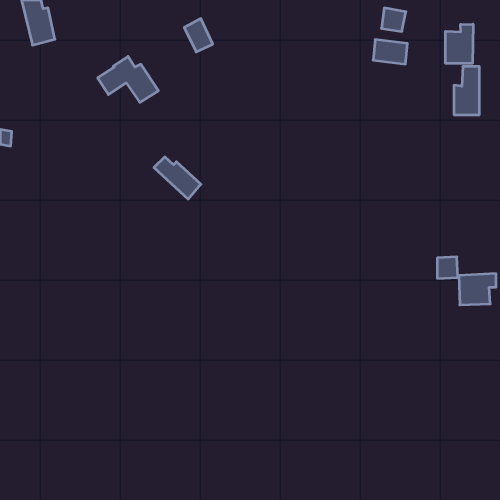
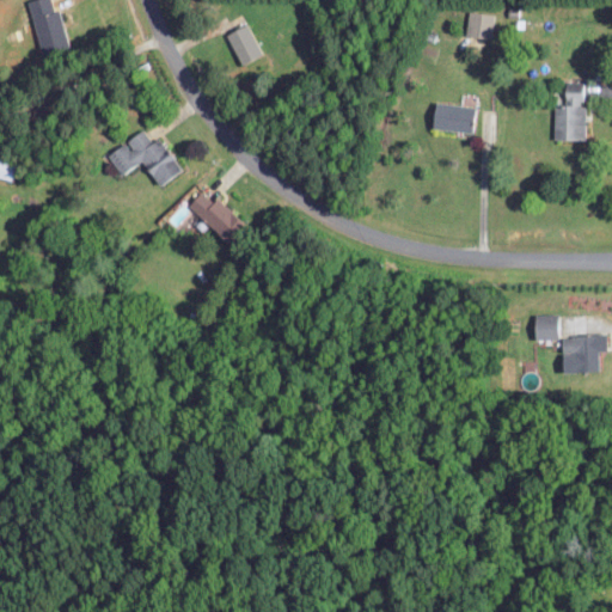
building: [446,24,473,63] -> none
building: [373,40,407,64] -> [433,103,475,133]
building: [98,56,158,102] -> [108,129,182,185]

